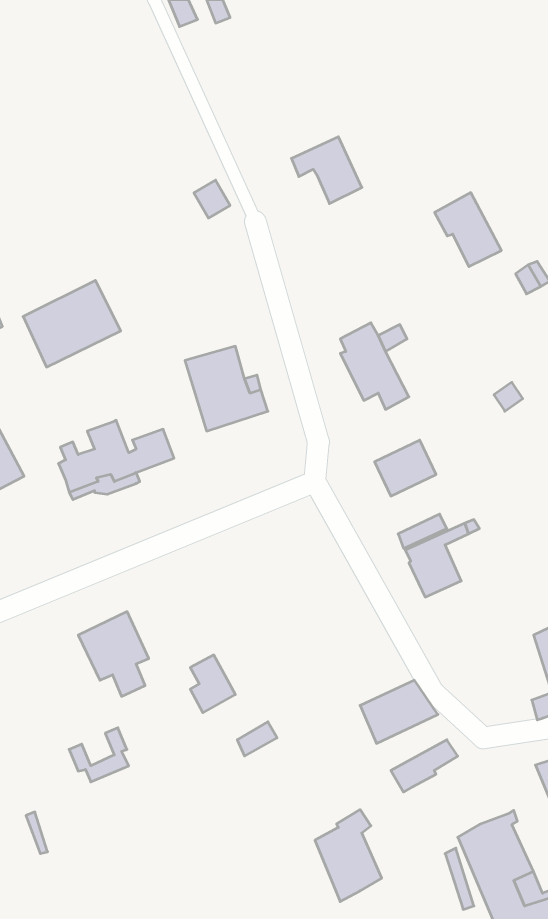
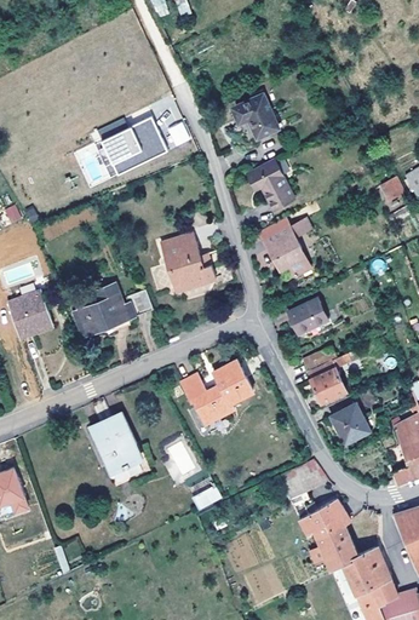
building: [435,193,501,267] -> [249,159,294,208]
building: [23,280,121,367] -> [101,116,166,174]
building: none -> [179,360,252,423]
building: none -> [331,403,369,440]
building: [69,728,129,782] -> [103,443,143,480]
building: [315,810,382,902] -> [312,509,357,570]

